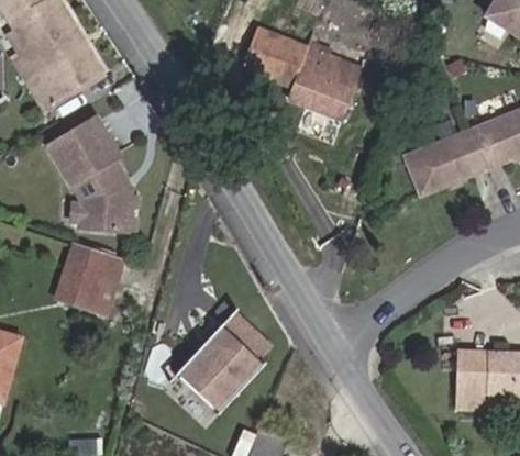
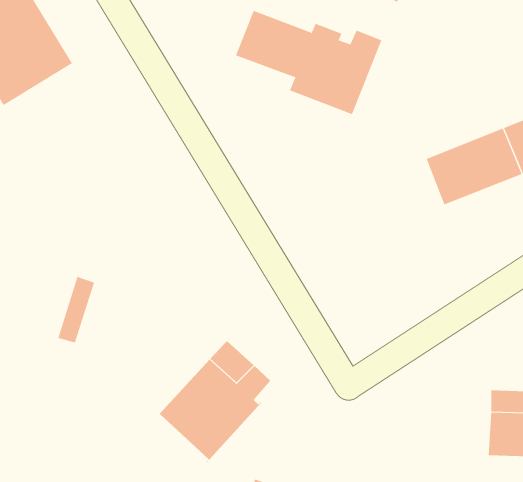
building: [46,112,133,231] -> none
building: [56,245,107,308] -> none

